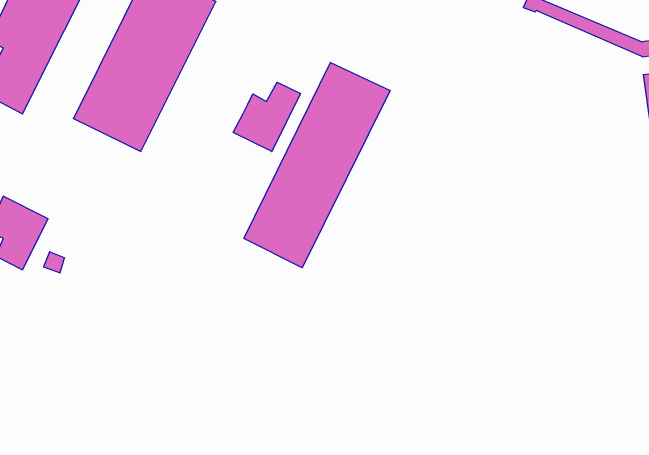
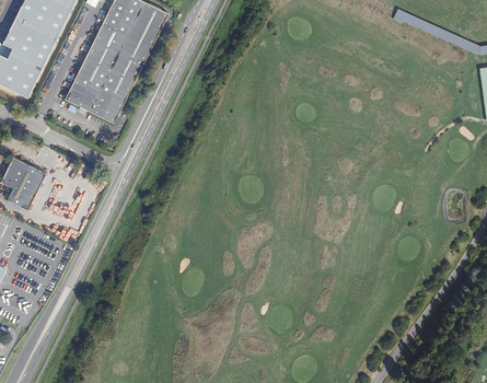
building: [244,62,390,268] -> none
building: [233,82,300,152] -> none

